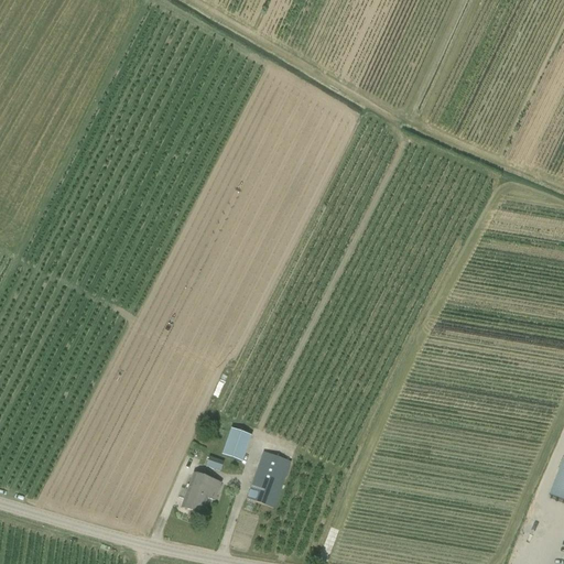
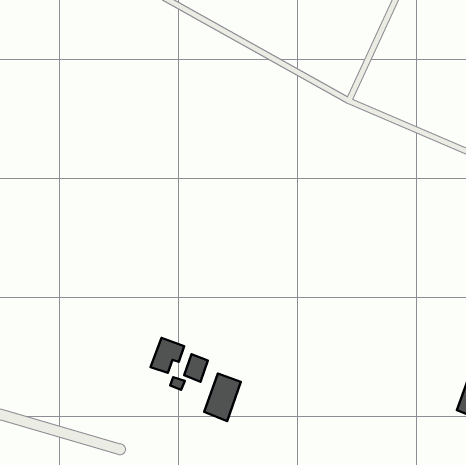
building: [182,470,223,512] -> [150,338,184,373]

